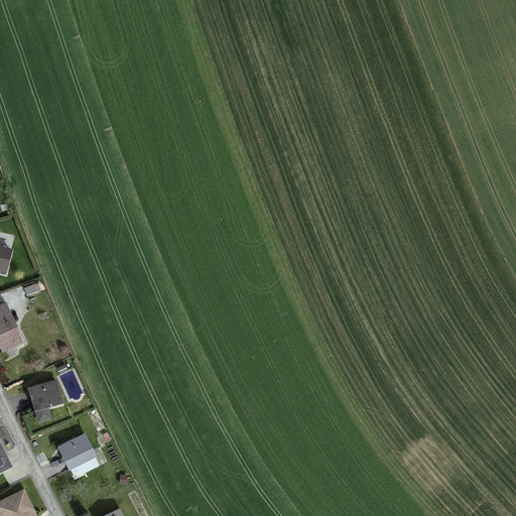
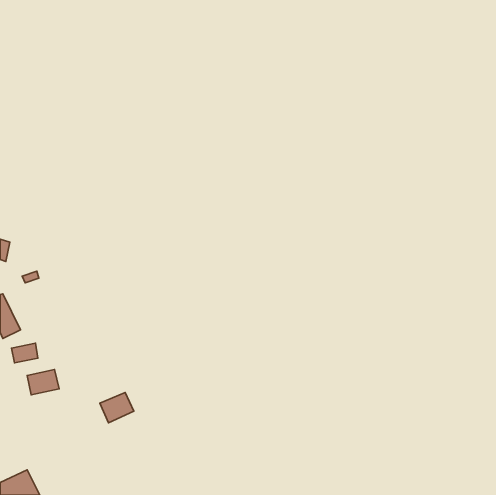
building: none -> [11,343,38,363]
building: [57,437,93,469] -> [100,393,134,423]

